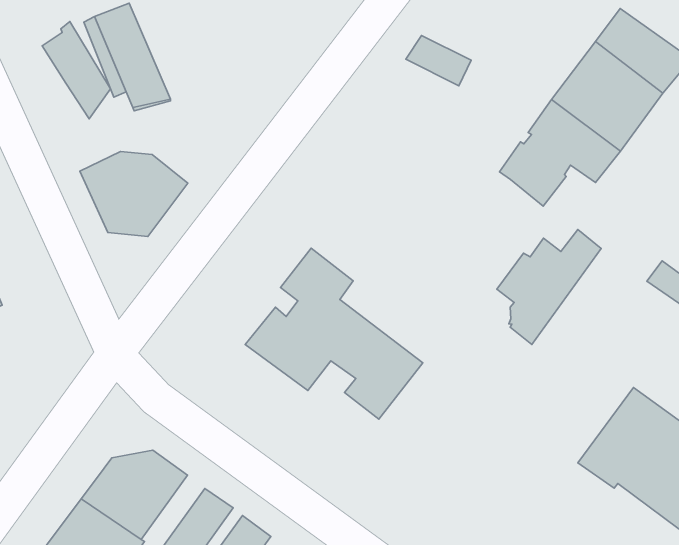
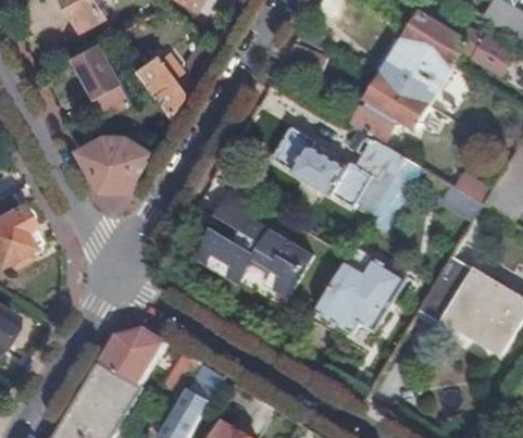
building: [42,21,110,119] -> [139,50,186,112]
building: none -> [270,128,403,209]
building: none -> [314,247,404,333]

